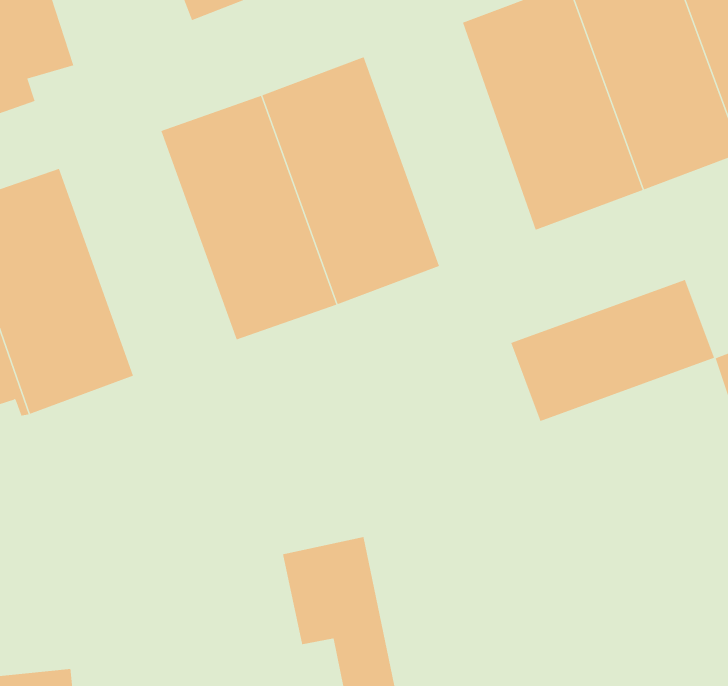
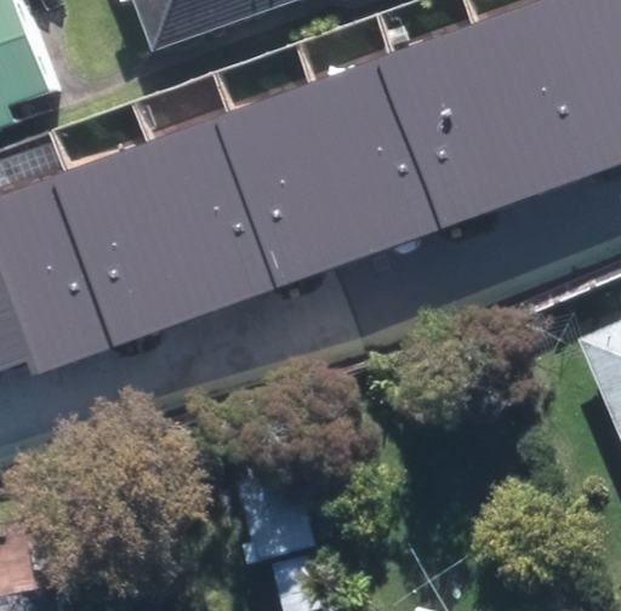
building: none -> [301,56,440,255]
building: none -> [52,144,196,344]
building: [511,279,715,422] -> none

